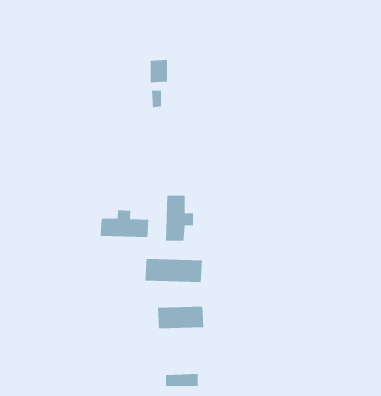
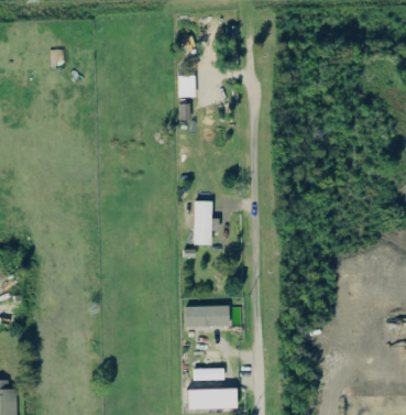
building: [100,210,149,238] -> none
building: [145,258,203,283] -> none

